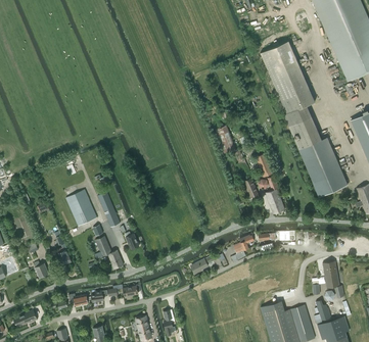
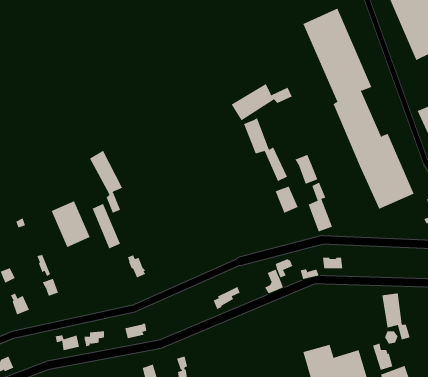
building: none -> [231,83,292,121]
building: none -> [89,150,123,214]
building: [94,236,123,270] -> none

